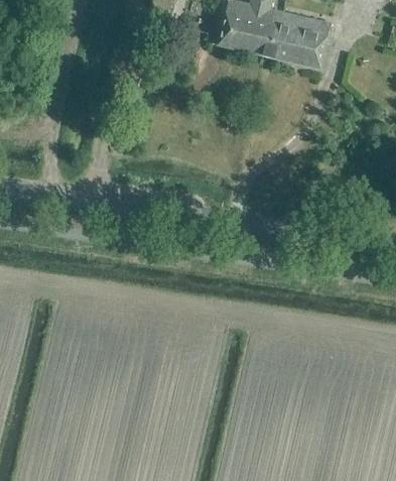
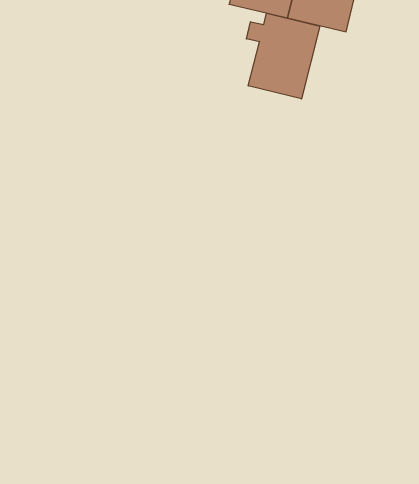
building: none -> [246,13,320,99]

